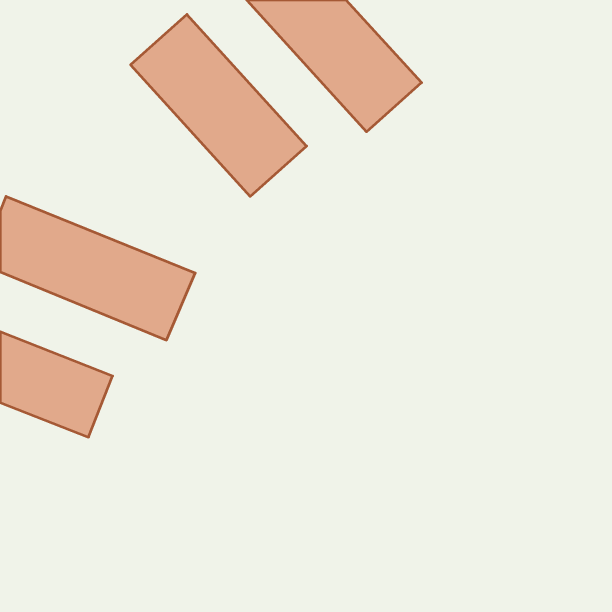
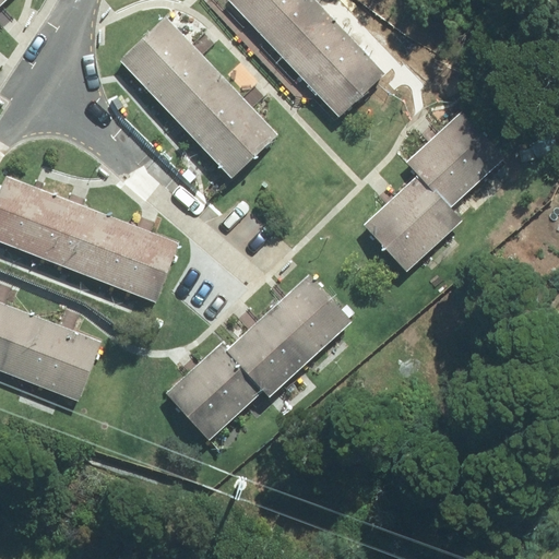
building: none -> [357,109,506,276]
building: none -> [167,262,354,438]

